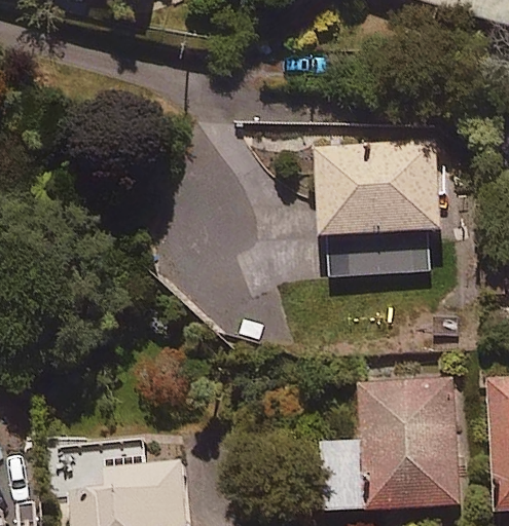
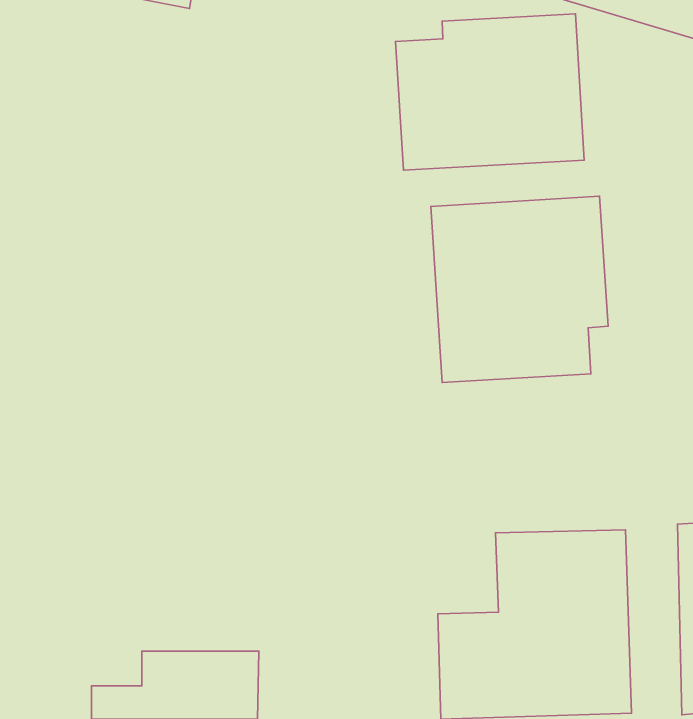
building: none -> [395,14,584,170]

